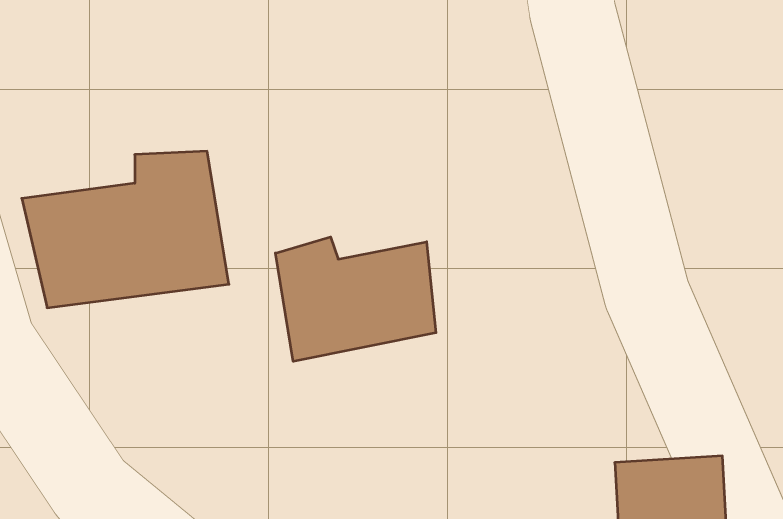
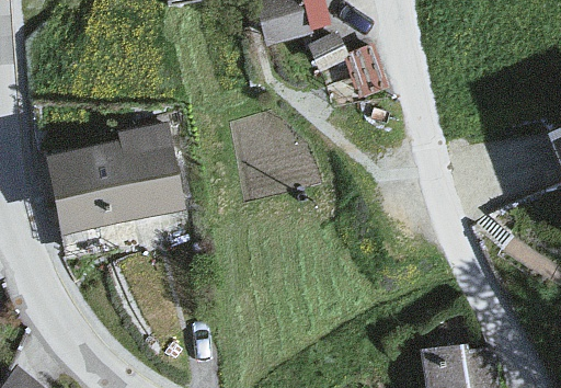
building: [275,237,436,361] -> none

